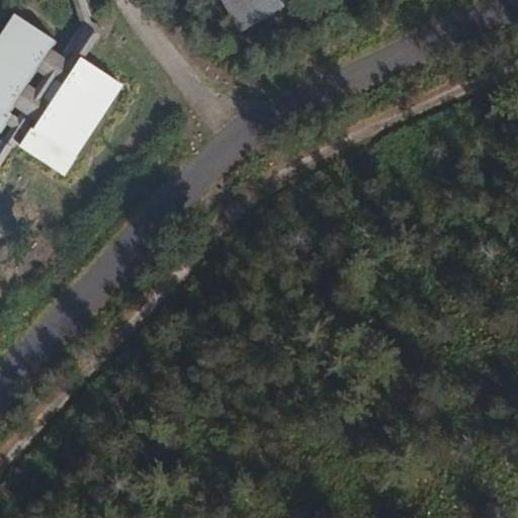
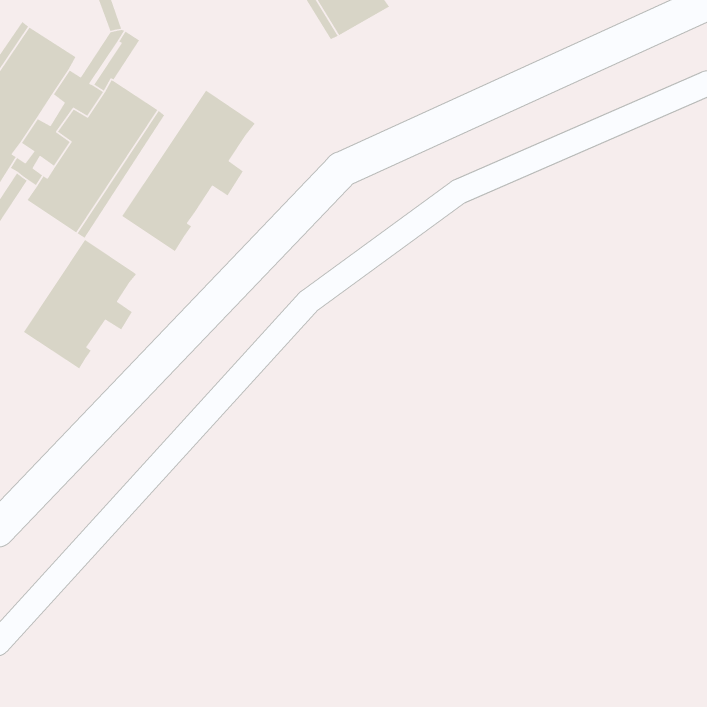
building: none -> [121,90,256,252]
building: none -> [23,239,137,369]

